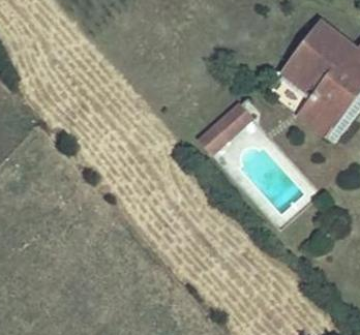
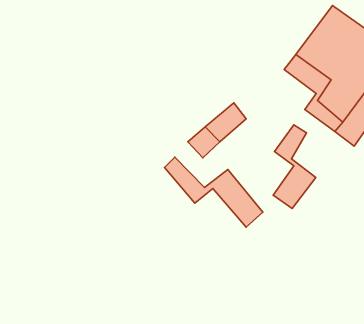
building: none -> [273,125,316,208]
building: none -> [165,157,263,227]

